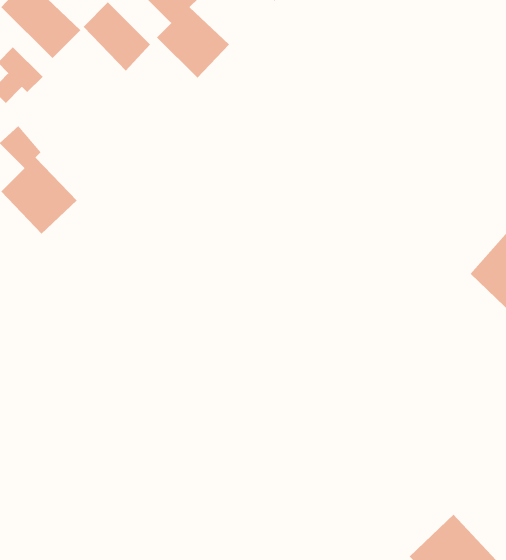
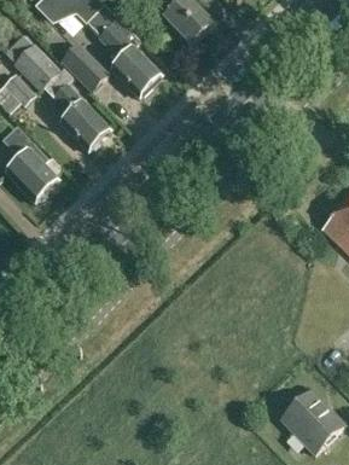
building: none -> [52,82,110,150]

